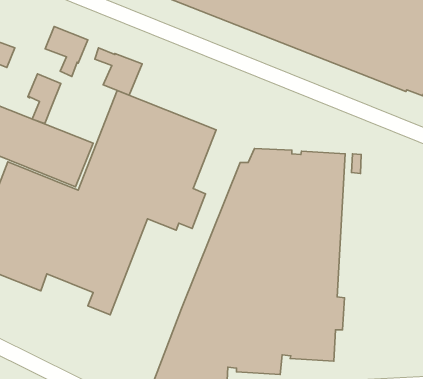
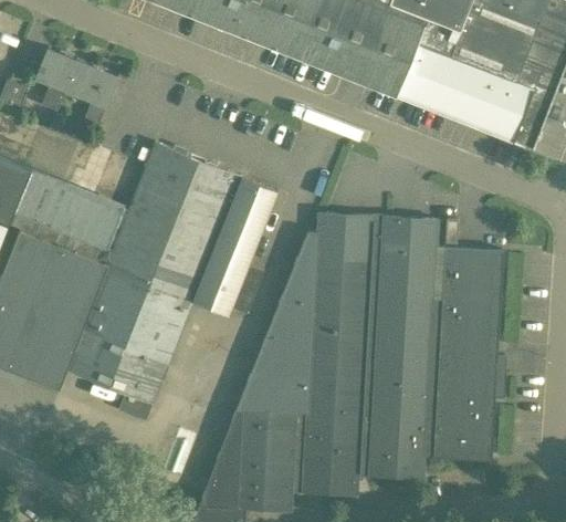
building: [95,48,142,95] -> none
building: [28,74,61,124] -> [34,50,75,112]
building: none -> [432,248,505,460]

